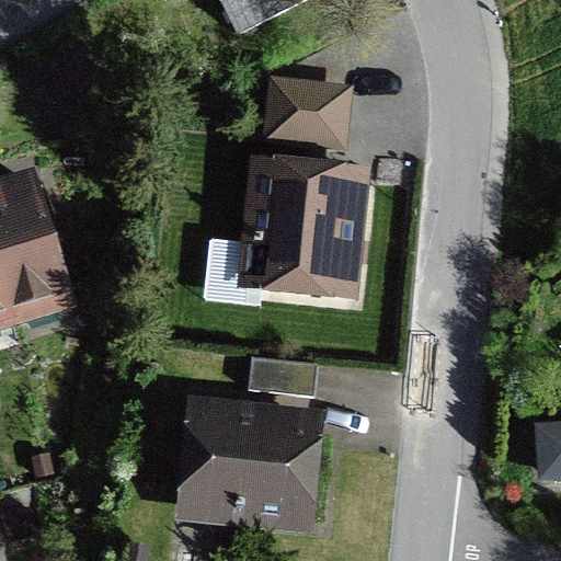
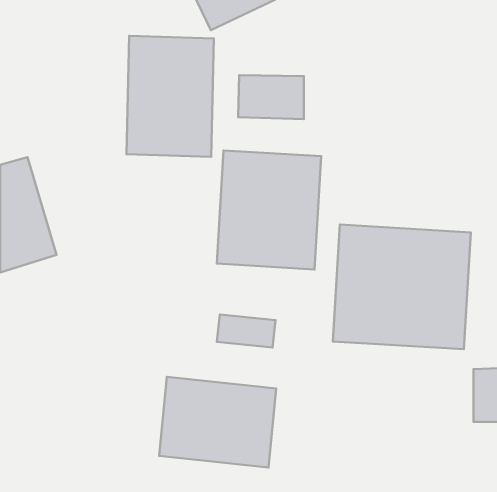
building: none -> [127,36,214,157]
building: none -> [333,225,471,349]

